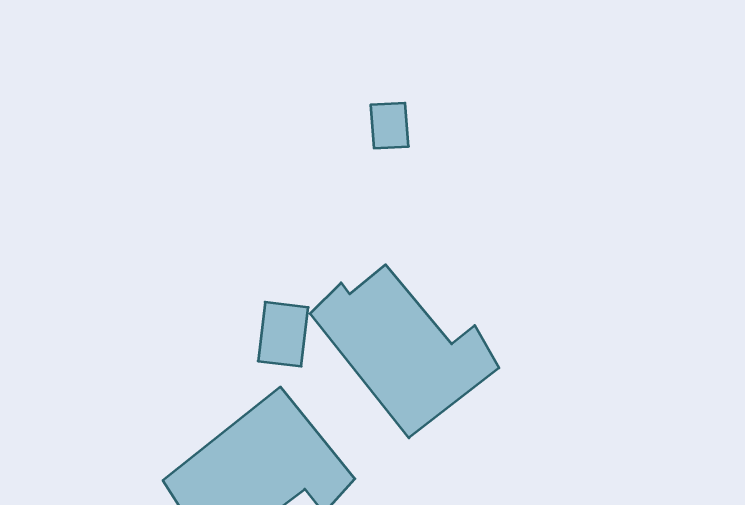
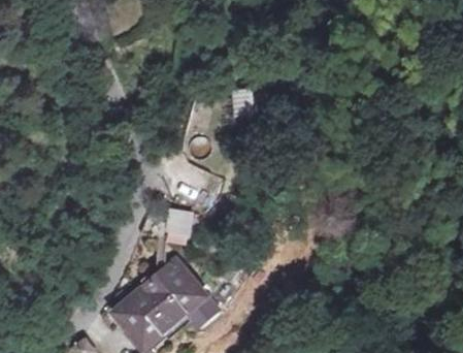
building: [310,265,499,438] -> none

